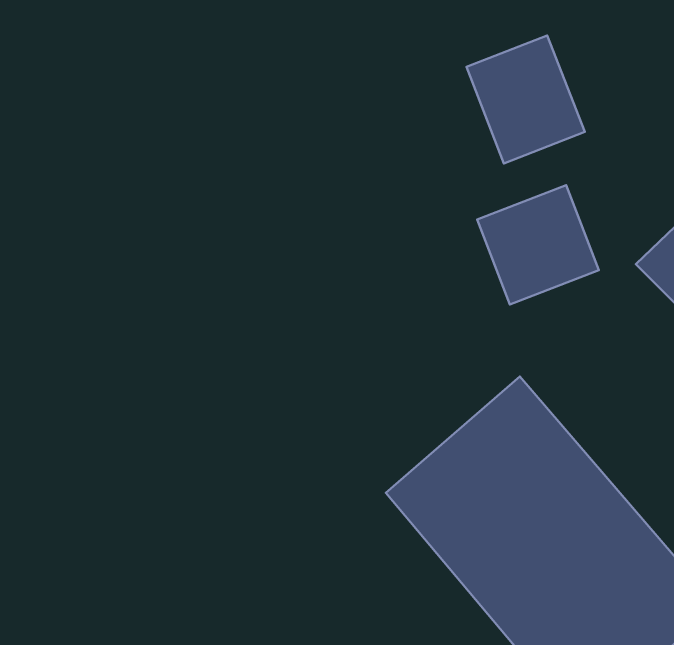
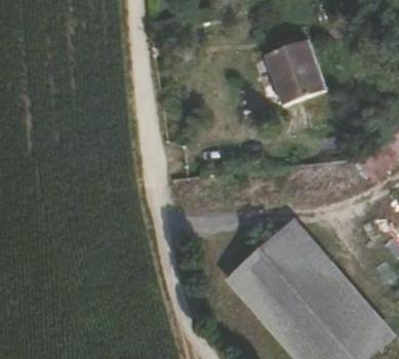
building: [477,185,599,305] -> none

